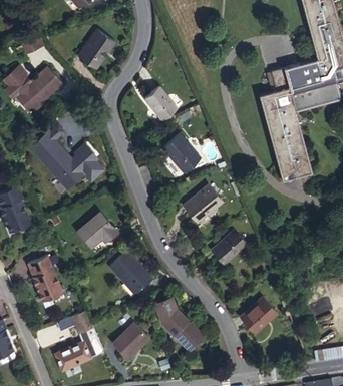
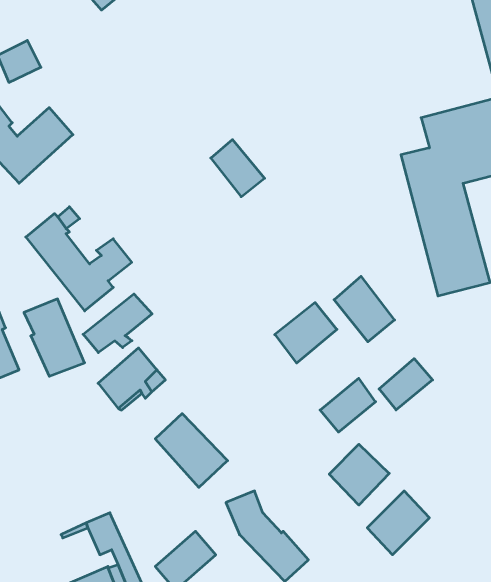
building: [80,32,115,70] -> none
building: [163,134,200,173] -> [334,276,395,342]
building: none -> [83,294,152,353]
building: none -> [379,359,433,410]
building: [26,258,62,304] -> [24,299,85,376]
building: none -> [329,444,389,505]

